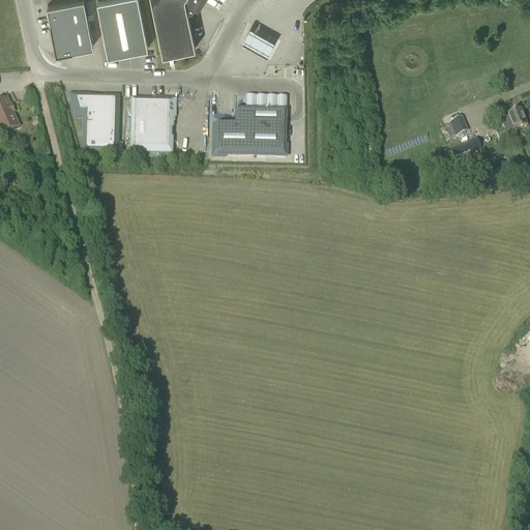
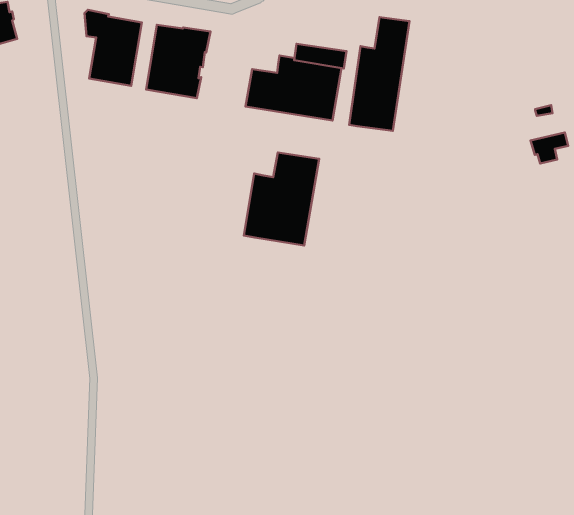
building: none -> [349,17,409,131]
building: none -> [244,152,319,245]

